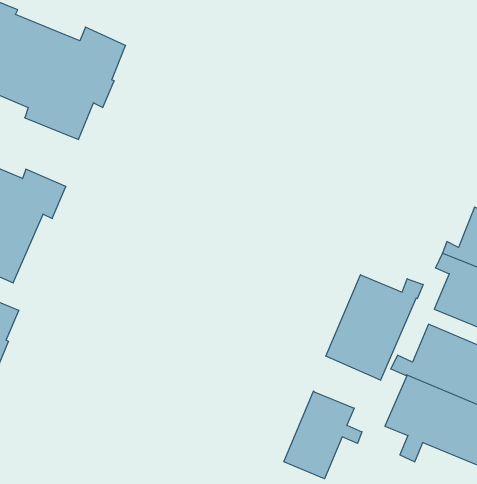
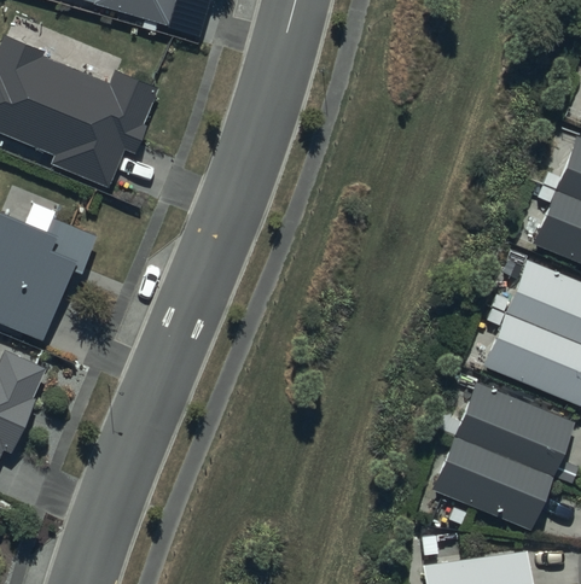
building: [326,275,423,380] -> none
building: [284,391,362,479] -> none

